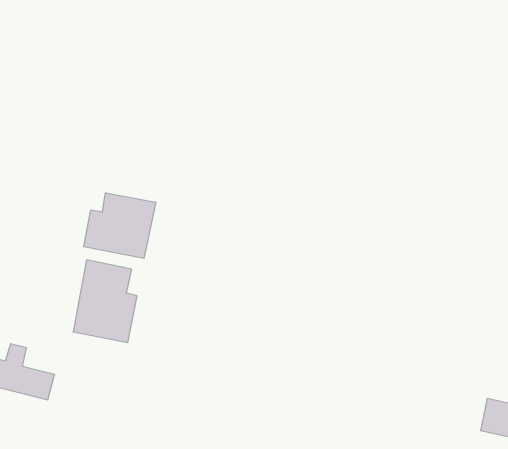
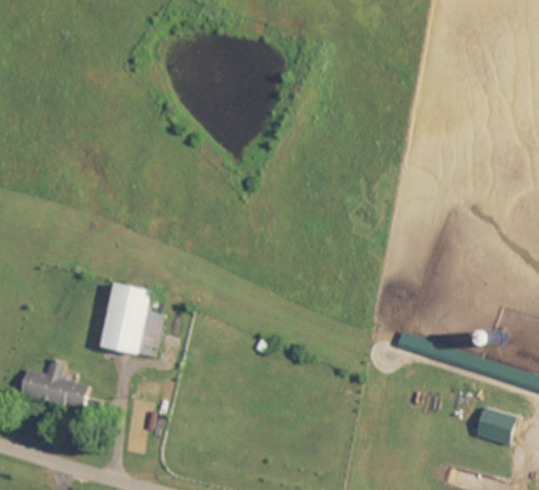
building: [84,193,156,259] -> none

